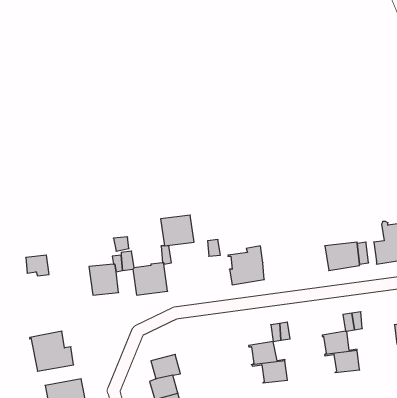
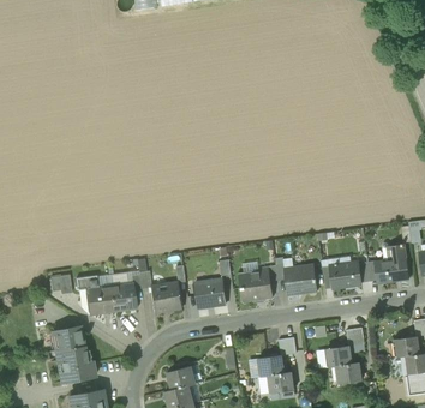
building: [161,215,194,246] -> [194,278,226,307]
building: none -> [283,264,318,294]
building: none -> [76,275,113,314]
building: none -> [52,325,84,350]

